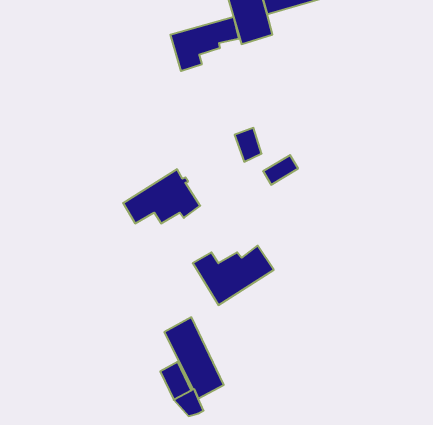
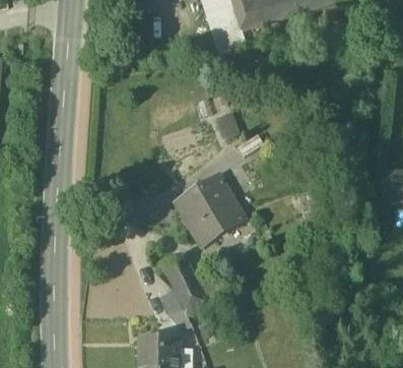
building: [170,17,239,71] -> none
building: [123,169,200,223] -> [175,174,232,214]

